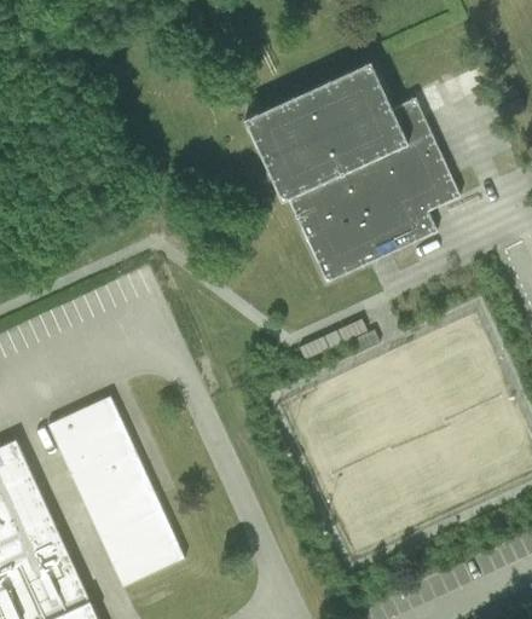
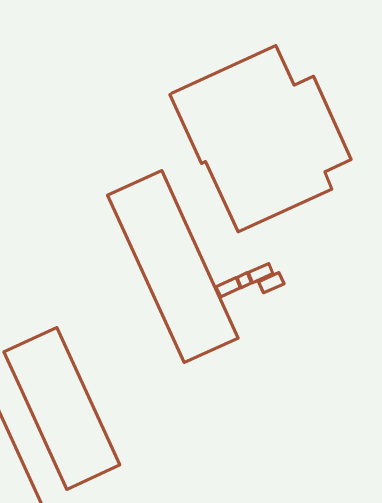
building: none -> [108,171,238,363]

